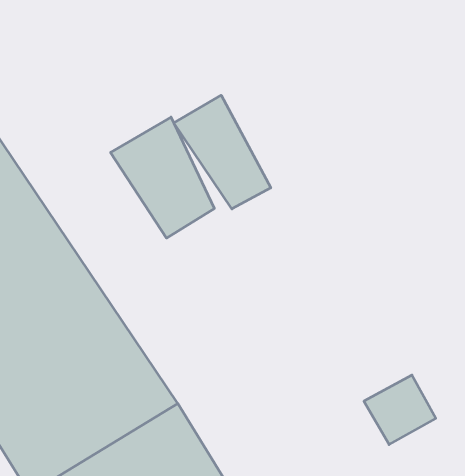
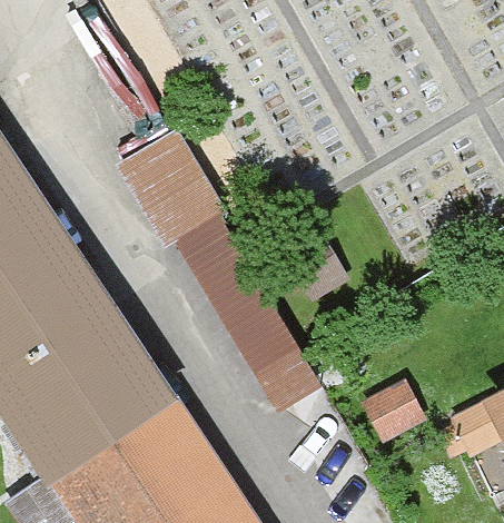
building: [174,95,271,209] -> none
building: none -> [171,217,316,406]

